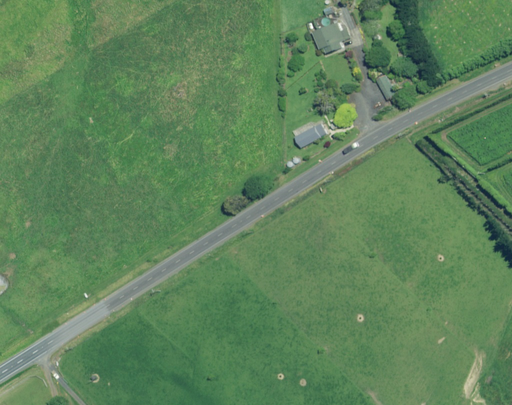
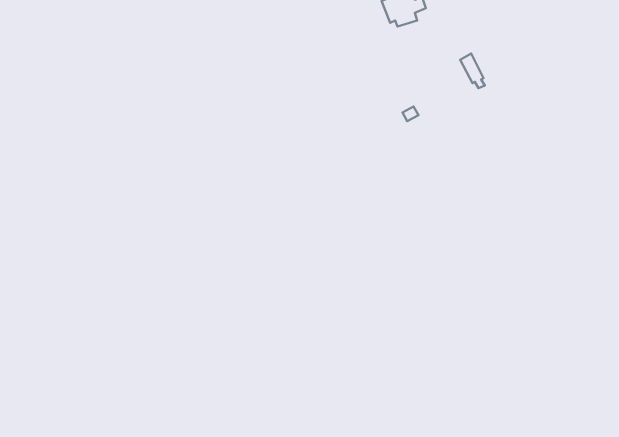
building: [291,122,326,148] -> none

